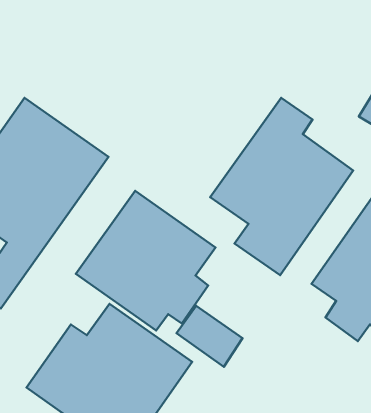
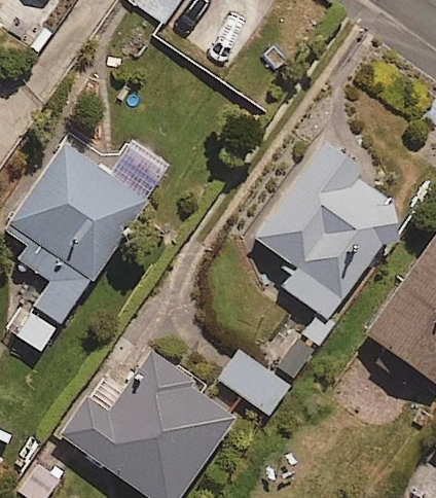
building: [76,191,216,331] -> none

